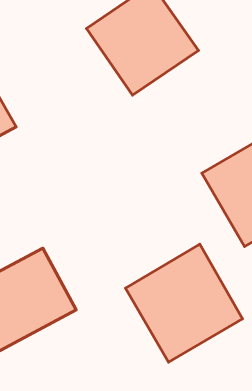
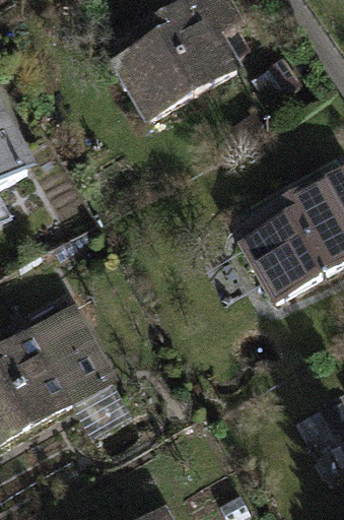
building: [125,244,242,362] -> none

